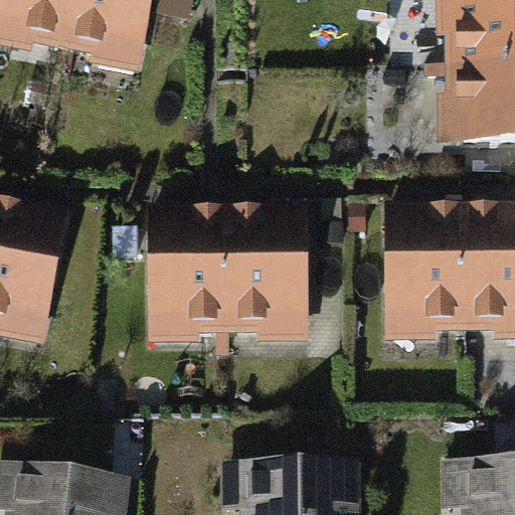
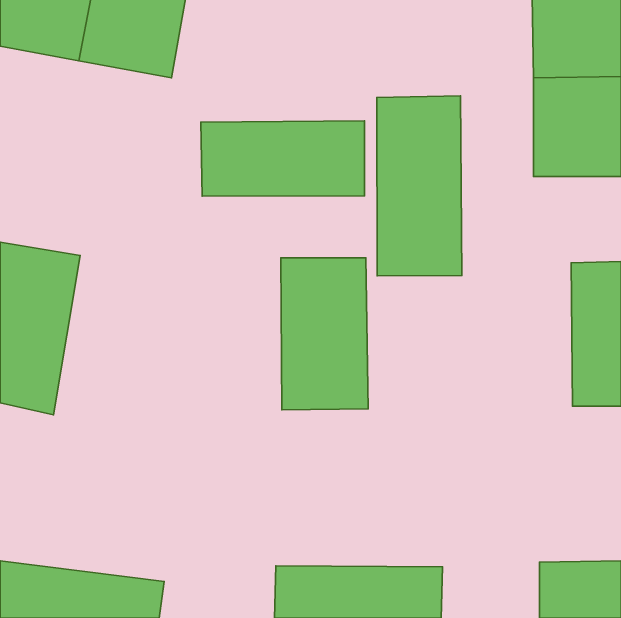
building: none -> [377,96,462,276]
building: none -> [201,121,365,196]
building: [156,213,233,339] -> none
building: [399,217,474,337] -> none

